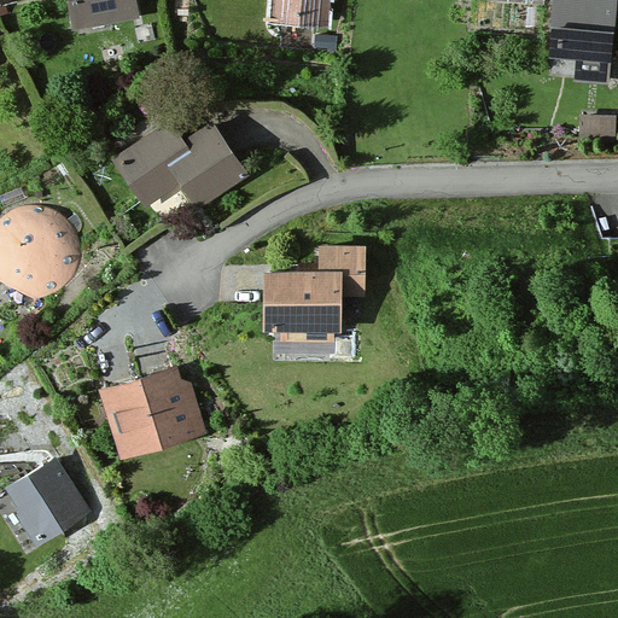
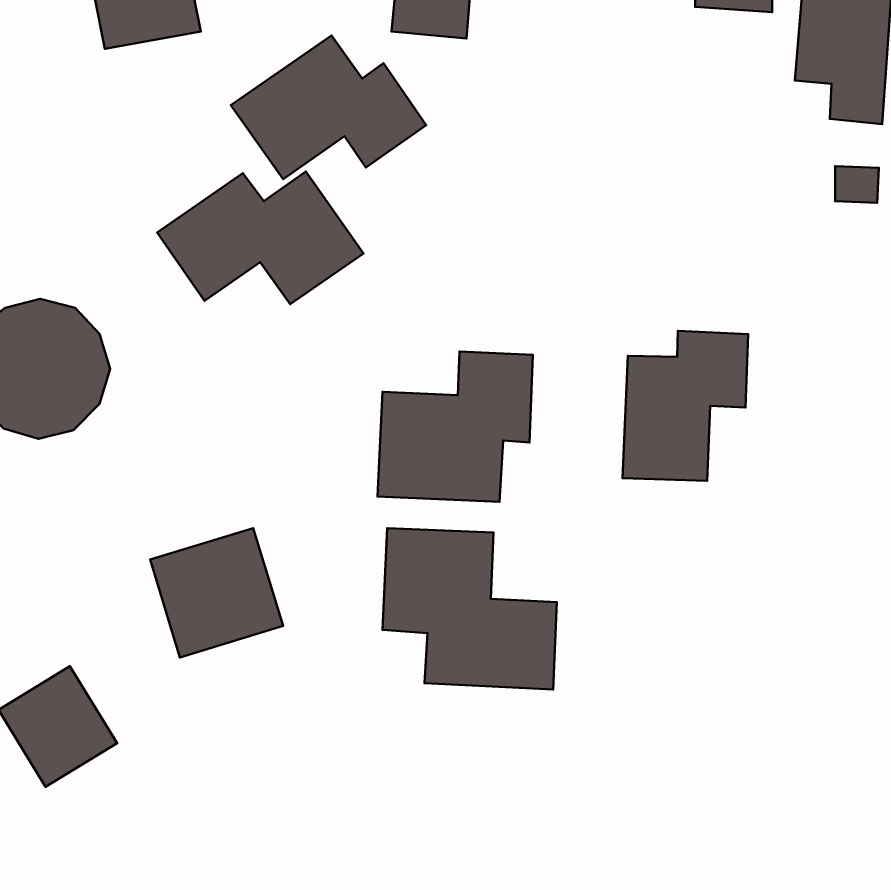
building: none -> [231,36,426,179]
building: none -> [623,331,748,481]
building: none -> [383,528,557,689]

